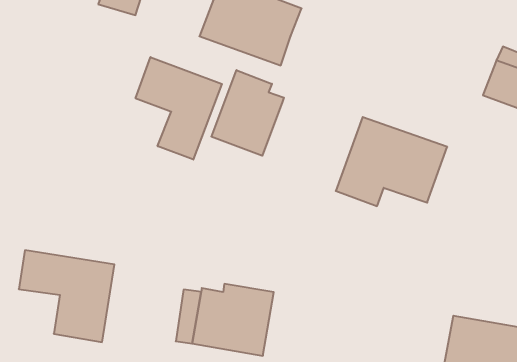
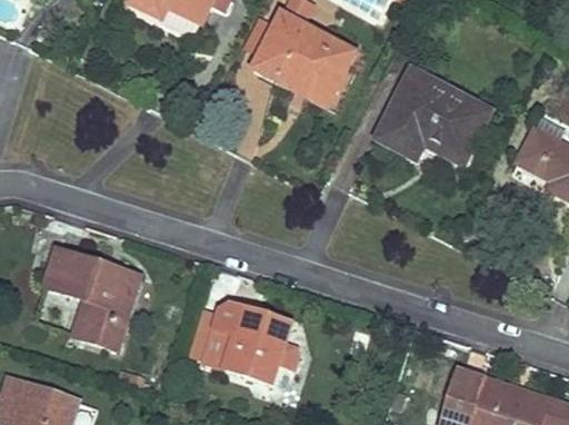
building: [136,57,222,160] -> none
building: [211,70,284,156] -> none
building: [336,117,447,206] -> [377,70,490,161]

